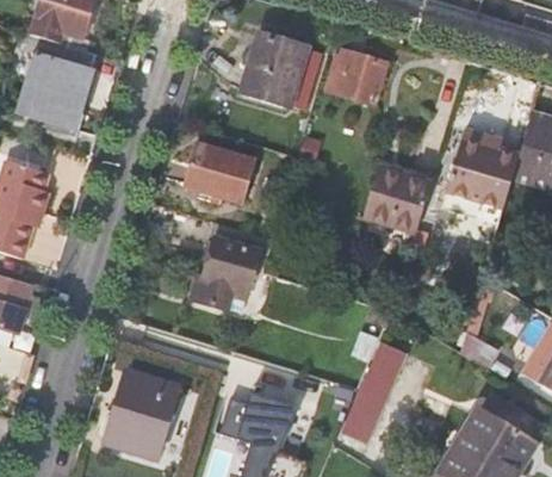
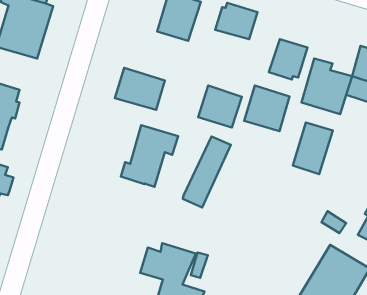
building: none -> [269,39,307,79]
building: none -> [198,86,242,127]
building: none -> [293,122,333,174]
building: [337,341,405,441] -> [183,137,231,207]
building: [105,373,175,457] -> none

